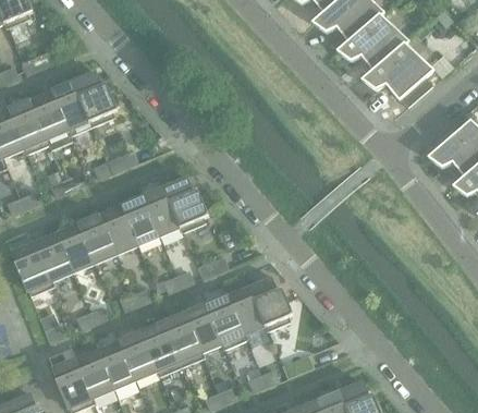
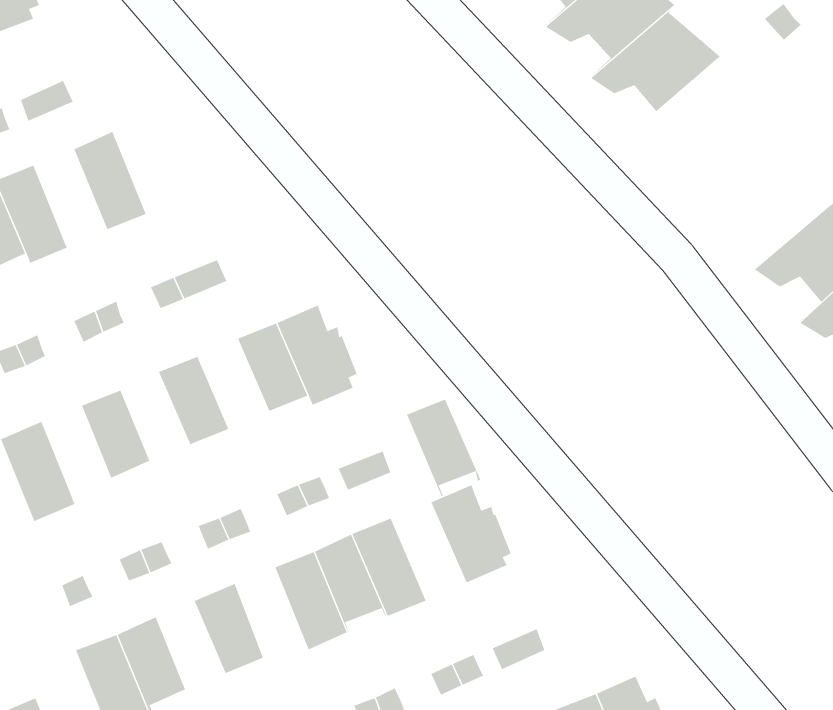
building: [361,39,433,107] -> none
building: [73,72,117,126] -> none
building: [29,90,72,149] -> none
building: [120,195,159,245] -> none
building: [77,214,115,263] -> none
building: [34,232,72,281] -> none
building: [226,286,268,340] -> [406,399,481,497]
building: [140,321,181,376] -> none
building: [97,340,135,389] -> none

